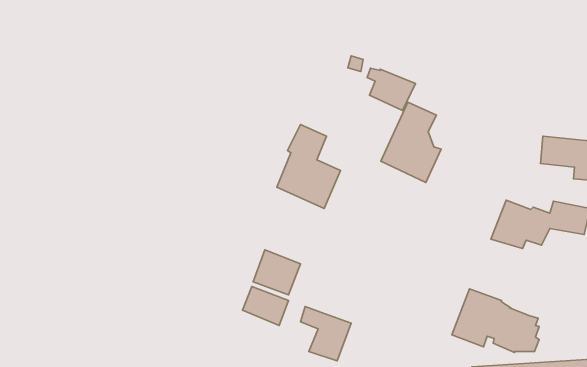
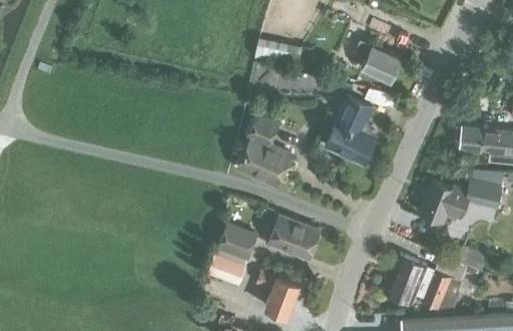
building: [367,68,416,111] -> [360,45,401,81]
building: none -> [268,216,319,259]

